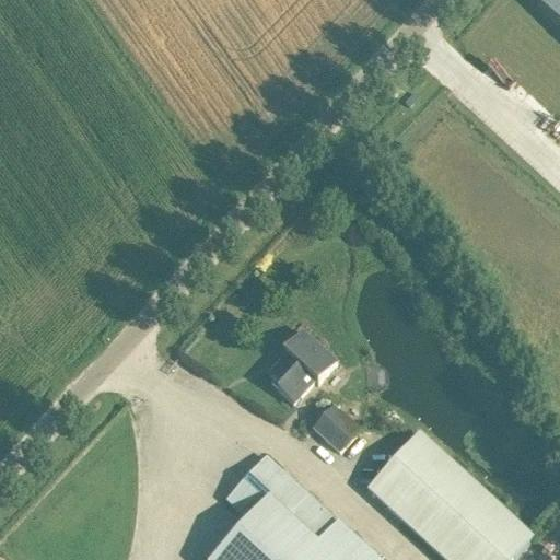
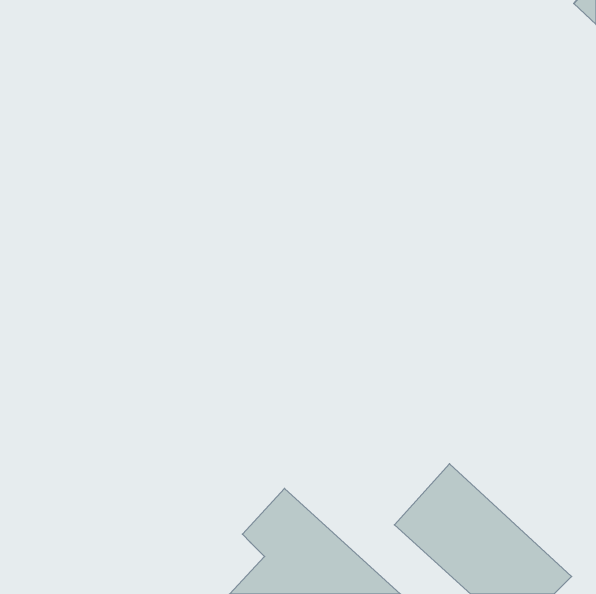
building: [268,334,334,405] -> none
building: [315,402,362,448] -> none

